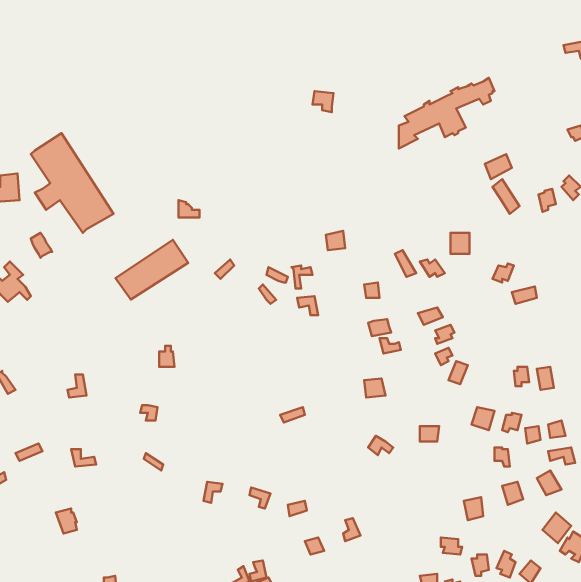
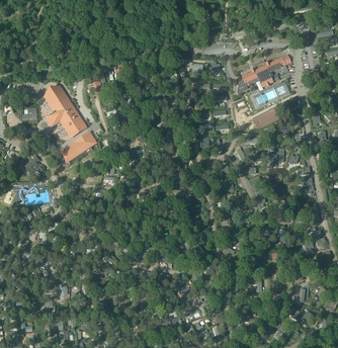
building: [115,240,188,299] -> [59,130,97,162]

